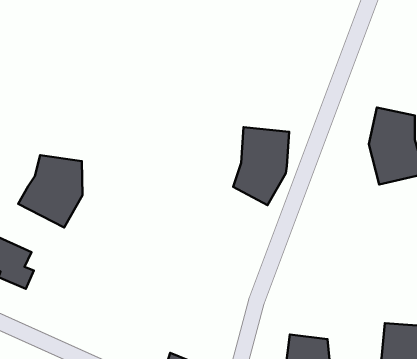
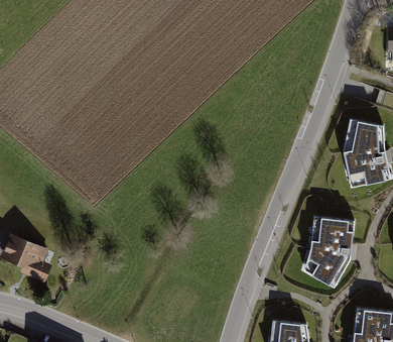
building: [233,127,289,205] -> [304,217,354,286]
building: [18,155,82,228] -> none

